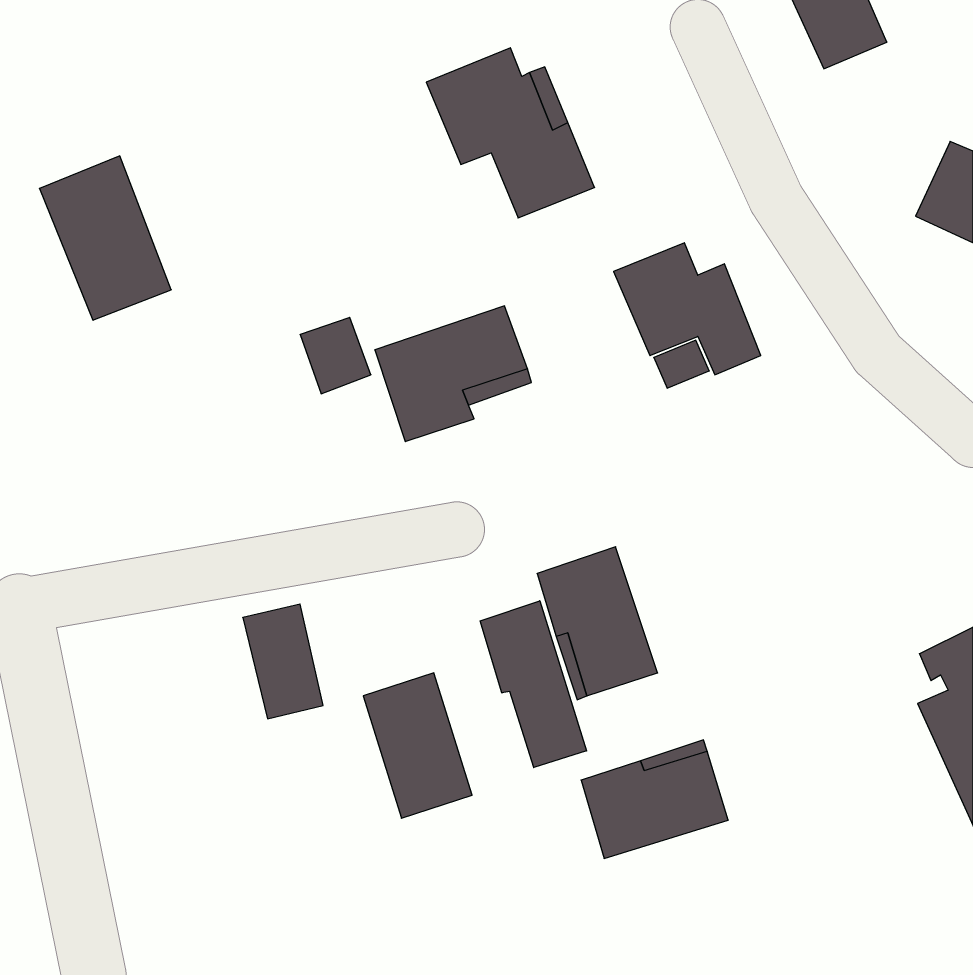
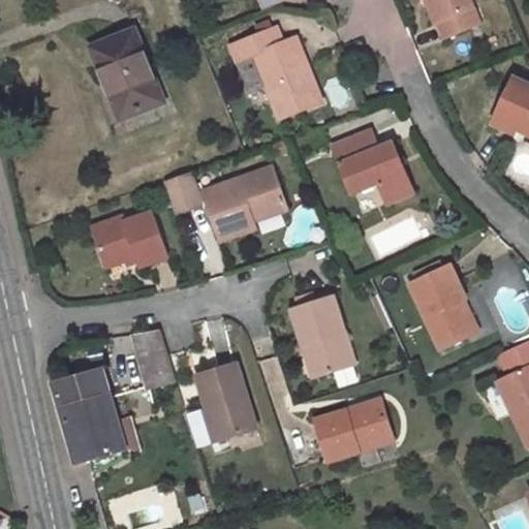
building: [39,156,171,320] -> [90,29,161,118]
building: none -> [92,212,167,266]
building: none -> [409,266,472,348]
building: [480,601,587,768] -> none
building: none -> [50,359,124,461]

